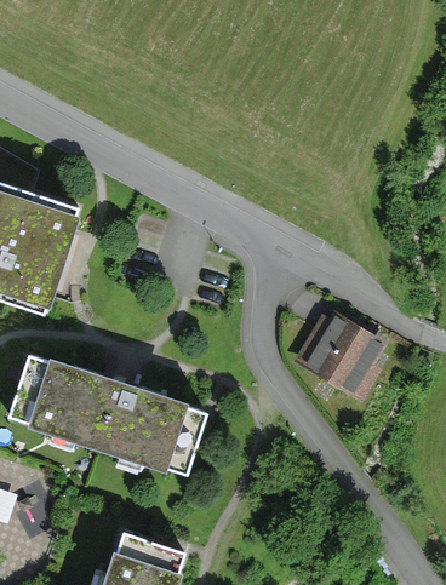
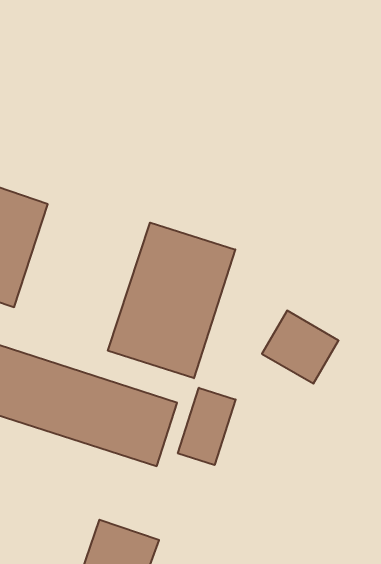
building: none -> [108,223,235,378]
building: none -> [178,388,236,465]

